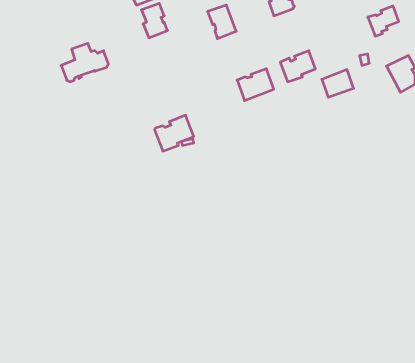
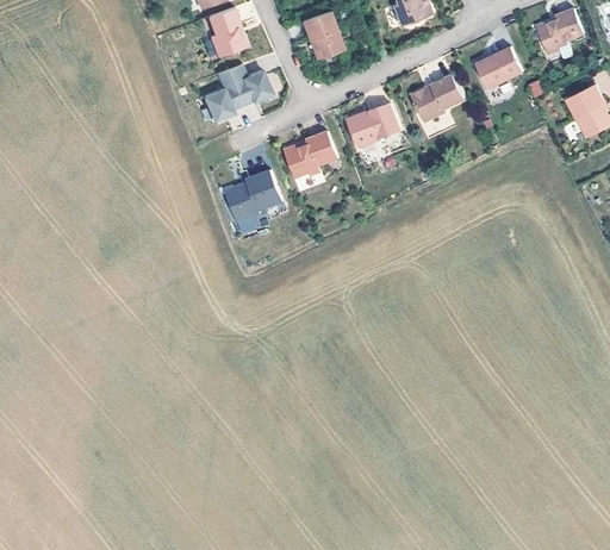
building: [61,43,108,82] -> [203,64,272,120]
building: [322,70,354,97] -> [477,51,523,92]
building: none -> [285,131,337,177]

